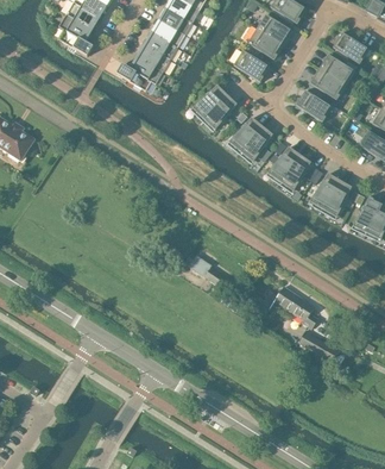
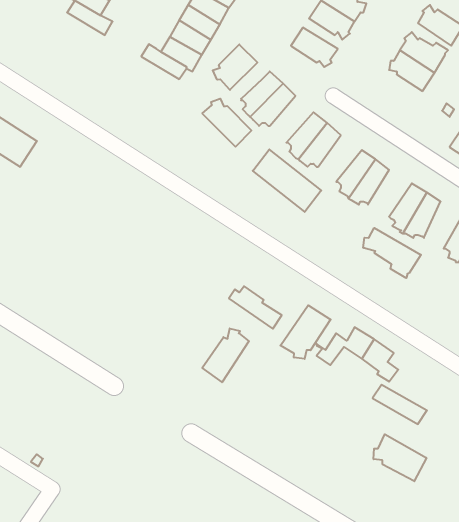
building: none -> [213,44,257,90]
building: [296,89,332,121] -> none
building: none -> [202,99,251,147]
building: none -> [253,149,321,212]
building: none -> [363,228,421,278]
building: none -> [280,305,331,359]
building: none -> [202,328,249,382]
building: none -> [374,434,426,481]

